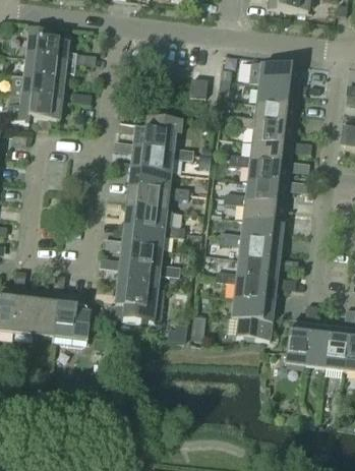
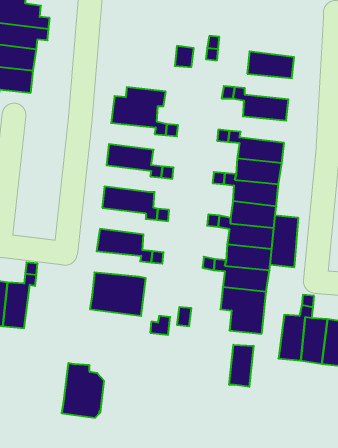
building: [250,62,301,89] -> none
building: [254,104,297,127] -> none
building: [249,142,292,167] -> none
building: [130,149,173,173] -> none
building: [126,187,169,212] -> none
building: [122,226,164,250] -> none
building: none -> [270,215,298,267]
building: [117,266,160,289] -> none
building: [52,296,91,346] -> [62,363,104,418]
building: none -> [229,345,254,387]

